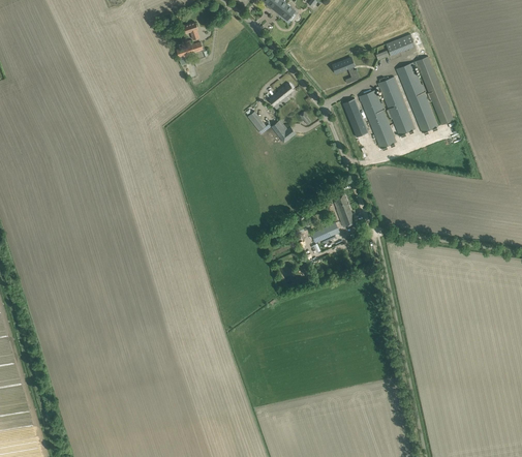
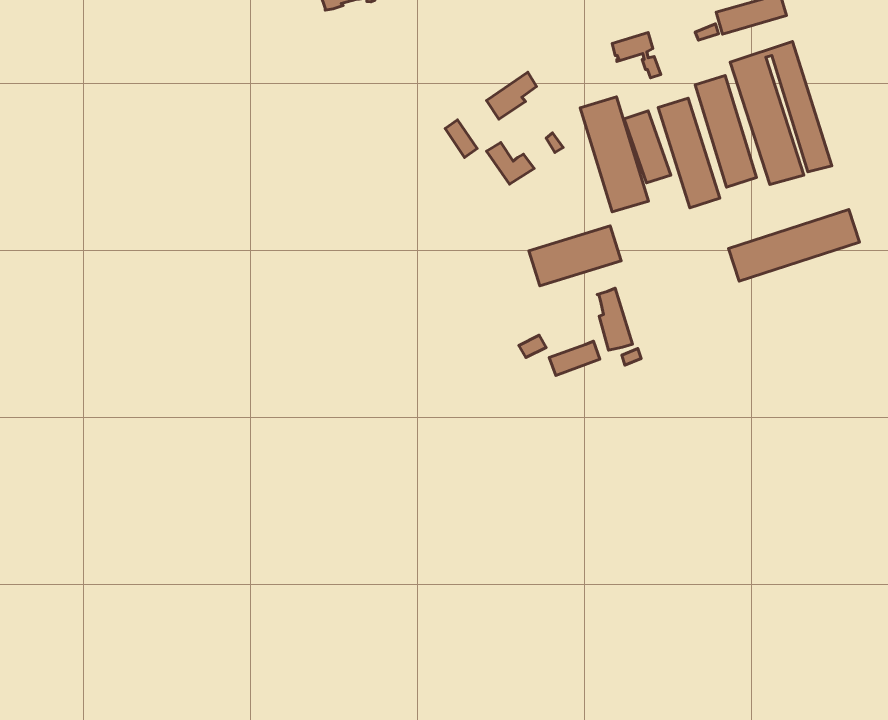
building: none -> [580,97,649,212]
building: none -> [729,210,859,281]
building: none -> [529,226,621,286]

